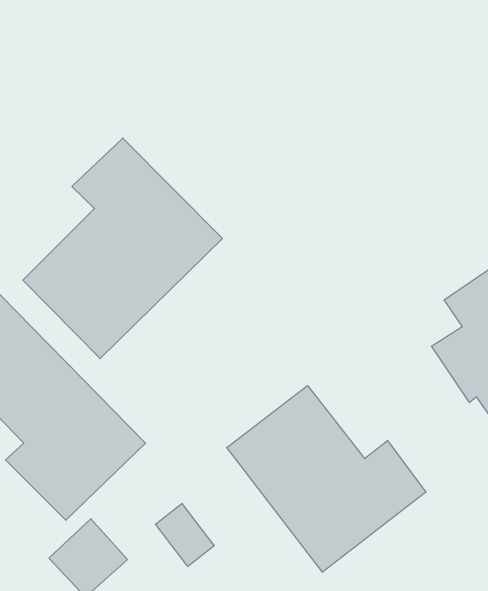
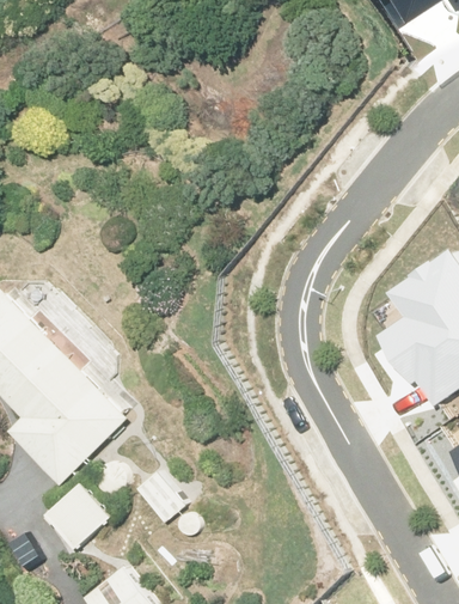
building: [23,138,222,359] -> none
building: [227,386,426,572] -> none

